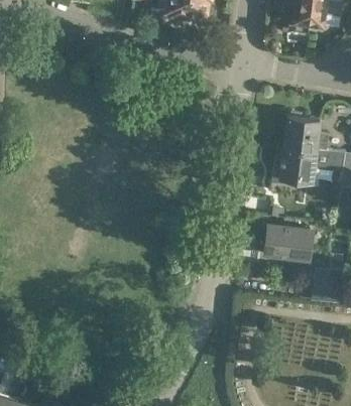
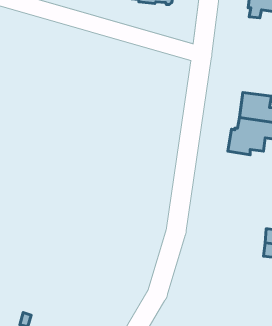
building: [265,226,310,262] -> none

